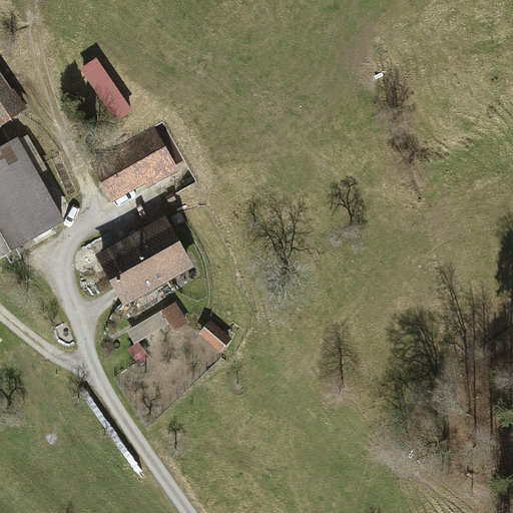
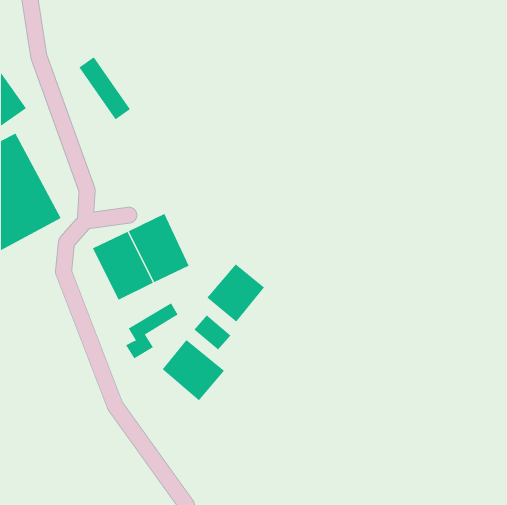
building: [96,125,181,197] -> none
building: none -> [206,264,265,323]
building: none -> [162,339,225,401]

